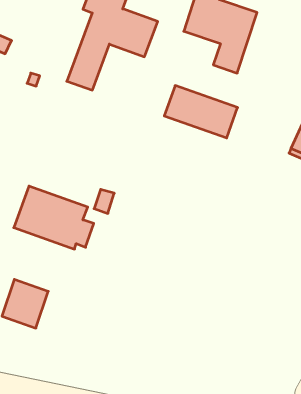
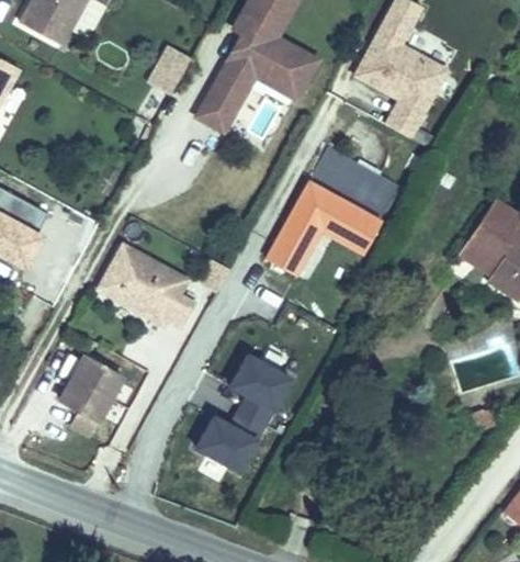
building: none -> [147,43,194,95]
building: none -> [265,181,382,277]
building: none -> [194,353,291,473]

